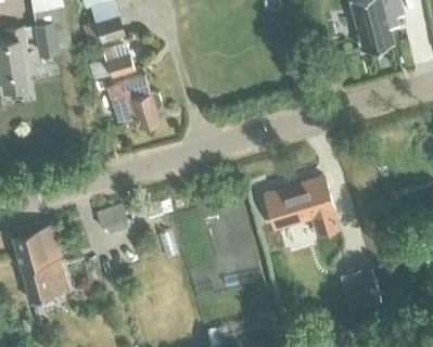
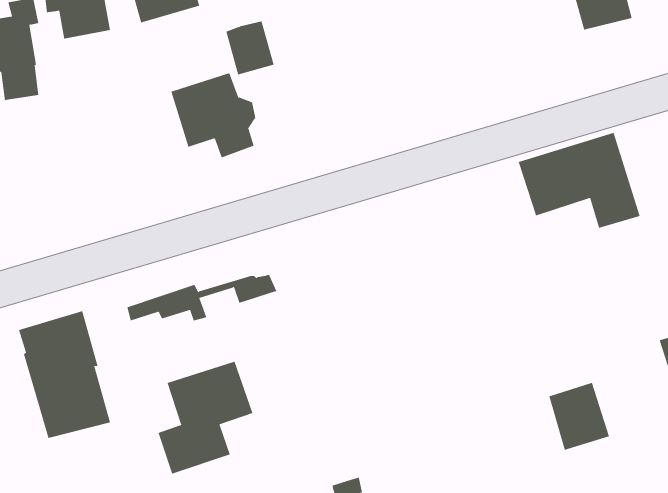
building: [103,42,133,76] -> [225,21,274,75]
building: [263,177,339,236] -> [518,132,640,228]
building: none -> [158,361,253,475]

